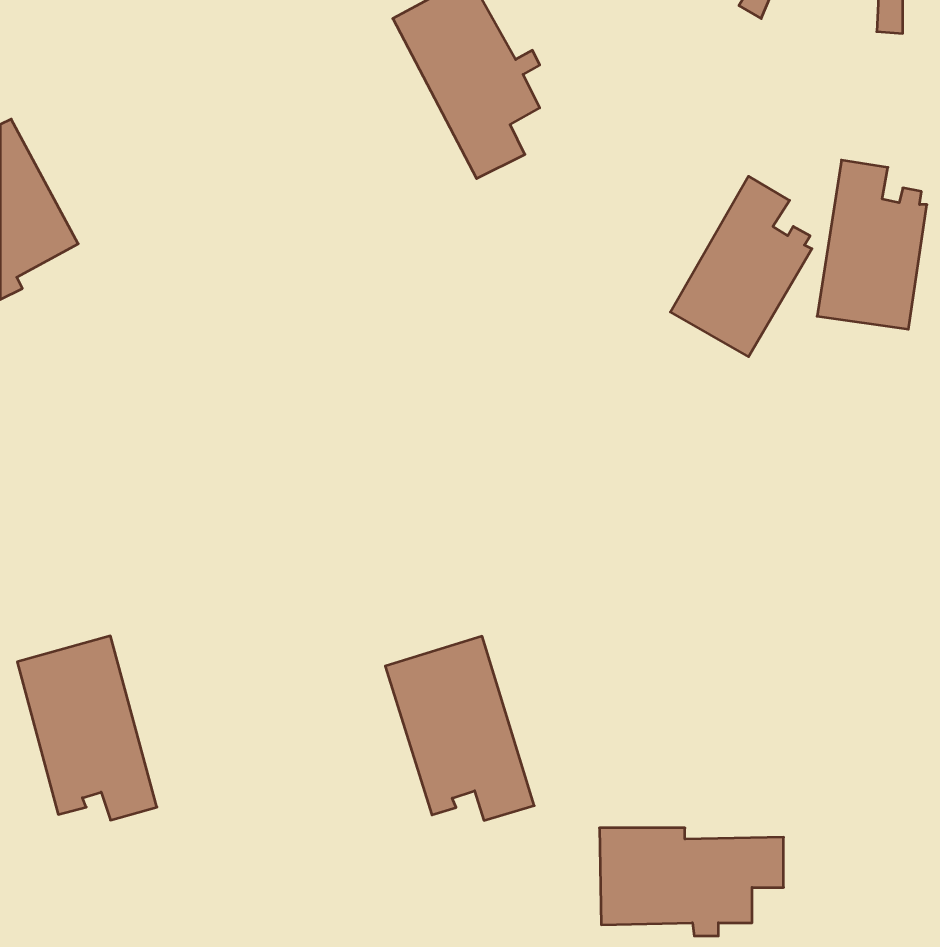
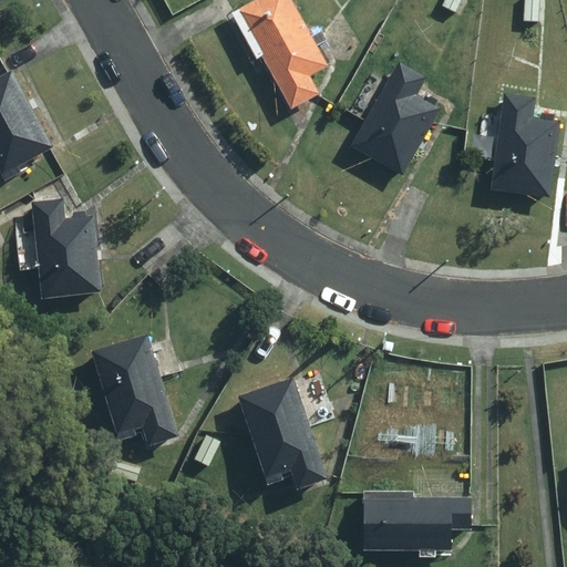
building: [670,176,812,357] -> [354,64,439,172]
building: none -> [32,200,99,296]
building: [17,636,157,820] -> [91,334,174,444]

